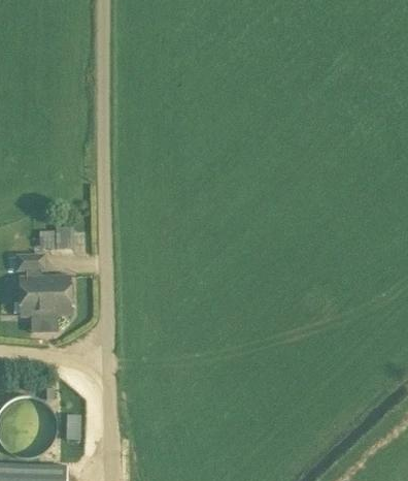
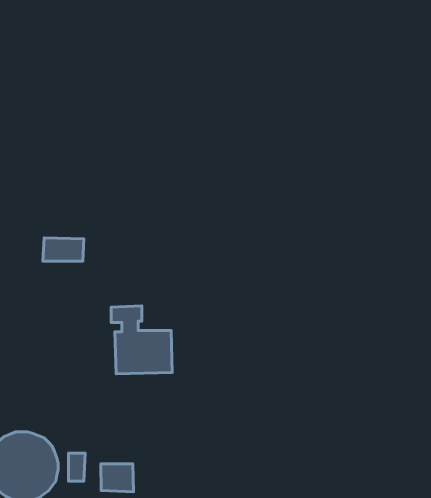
building: [15,256,69,316] -> [111,306,172,374]
building: none -> [101,464,133,492]

